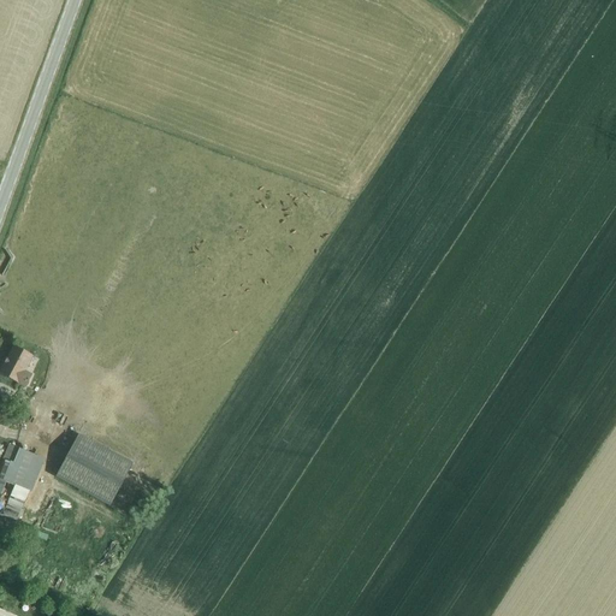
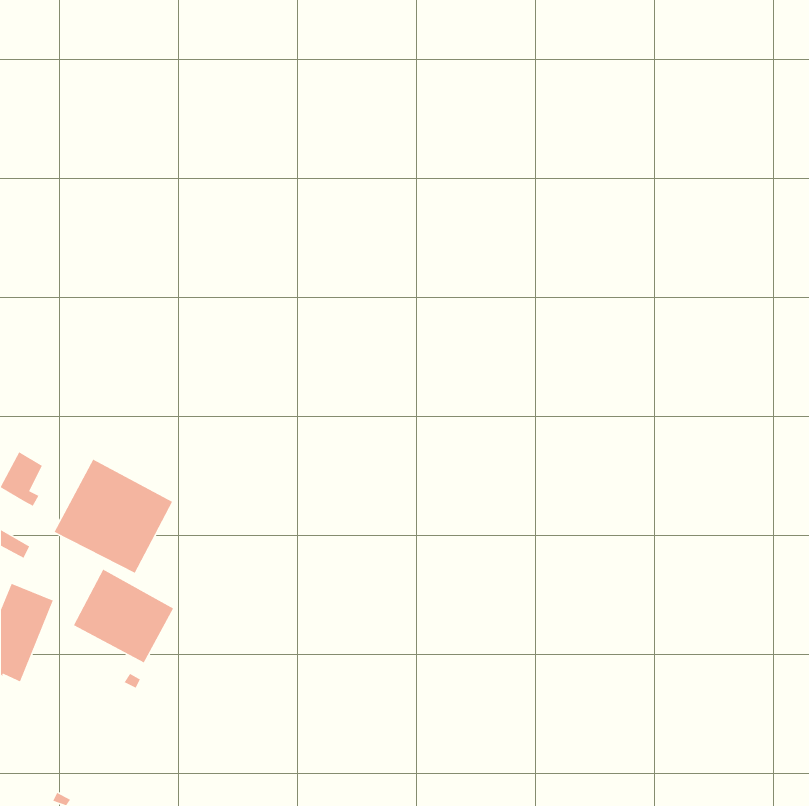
building: none -> [53,459,173,574]

